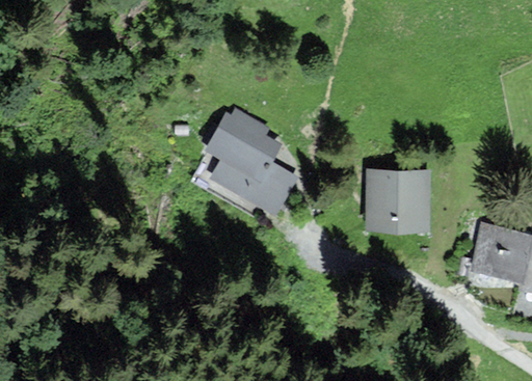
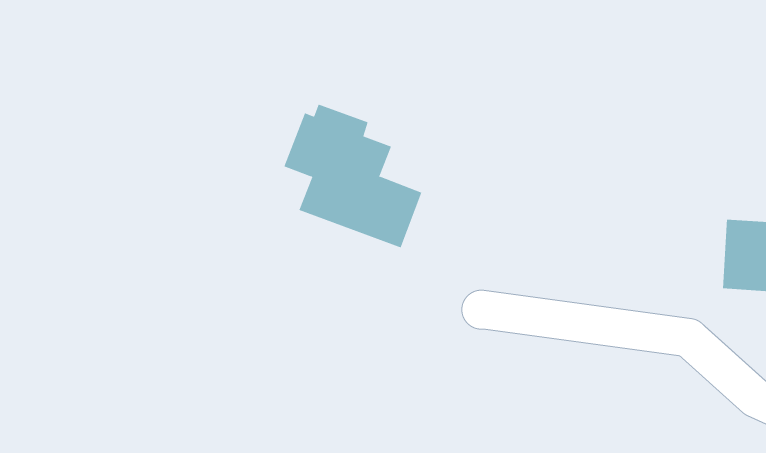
building: [368,172,427,229] -> none

